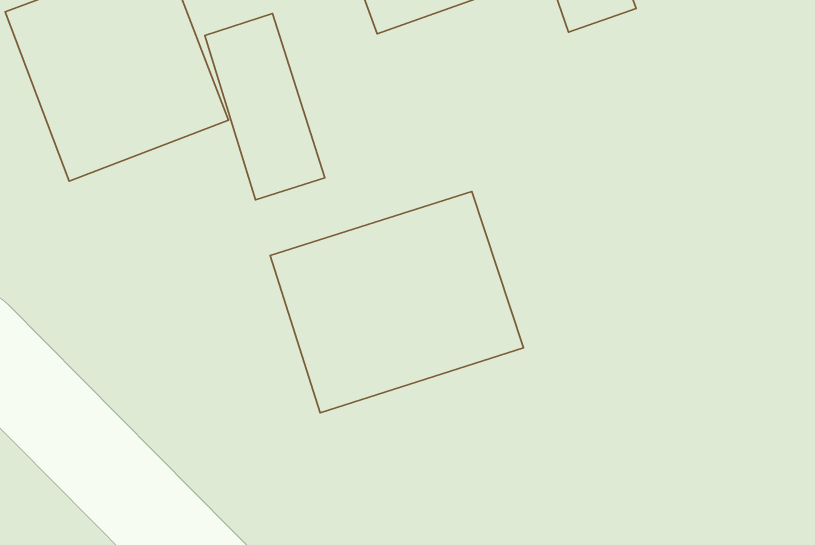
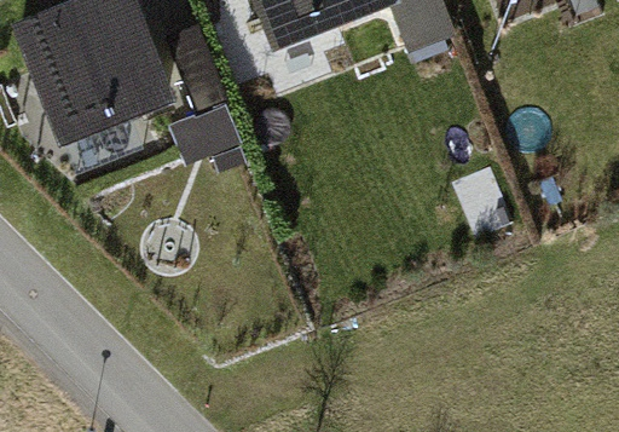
building: [270,192,523,413] -> none

